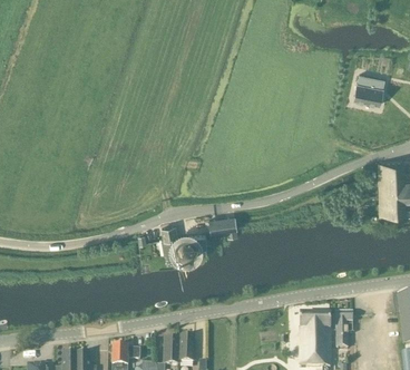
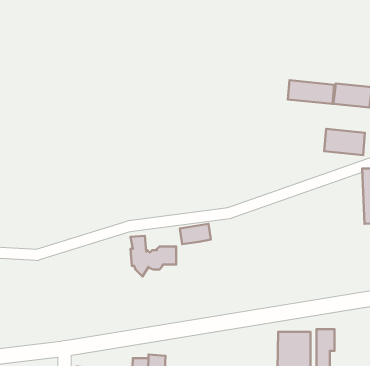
building: none -> [288,80,334,104]
building: none -> [324,129,365,155]

